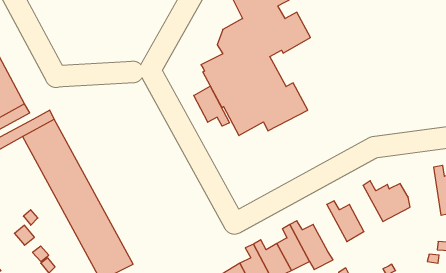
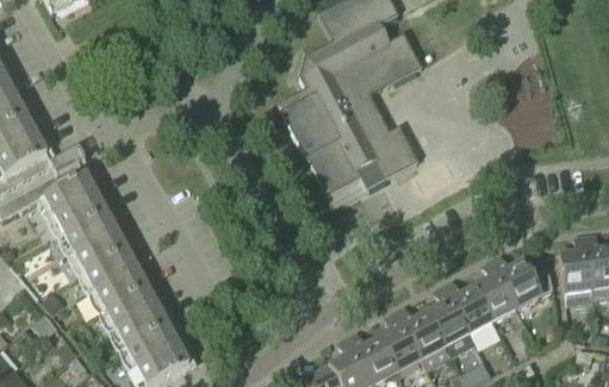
building: [194,86,229,126] -> none
building: none -> [559,235,594,305]
building: none -> [473,258,517,319]
building: none -> [425,283,476,356]

